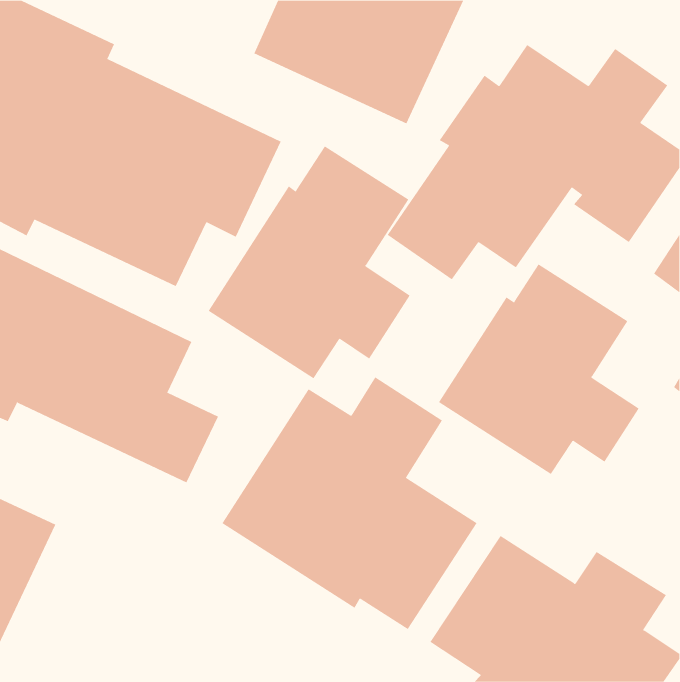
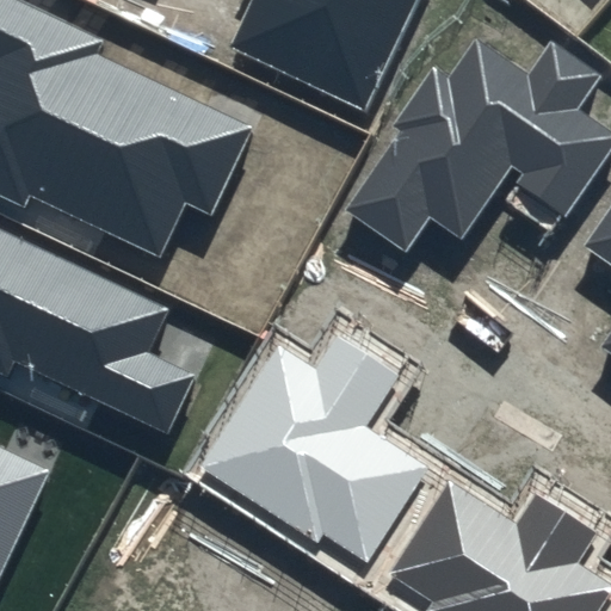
building: [208,145,410,379] -> none
building: [438,264,639,475] -> none

